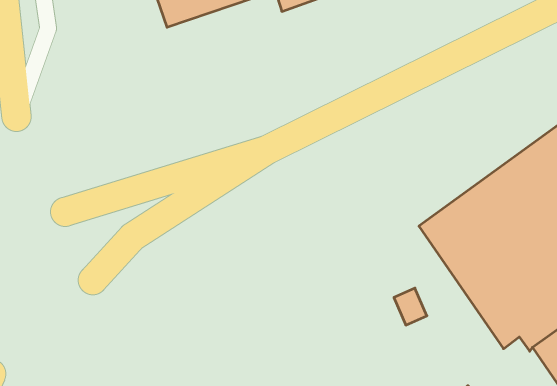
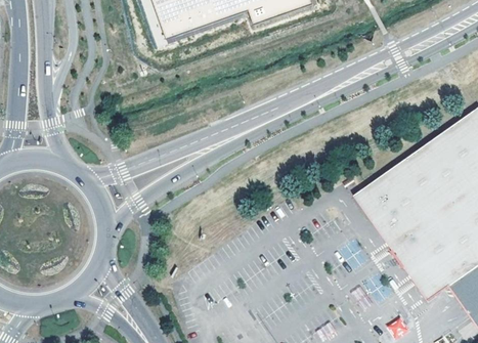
building: none -> [354,190,446,300]

